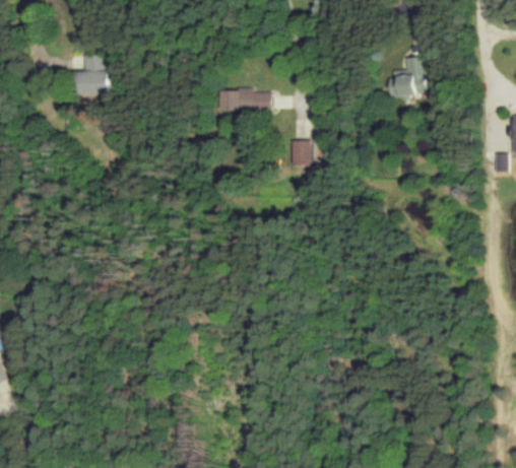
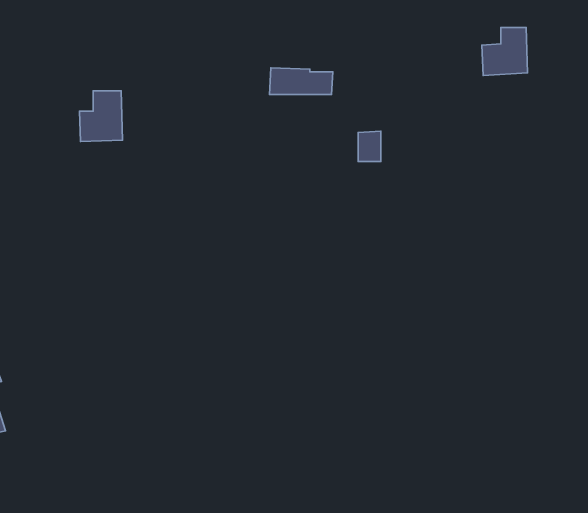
building: [72,55,107,95] -> [79,91,122,141]

